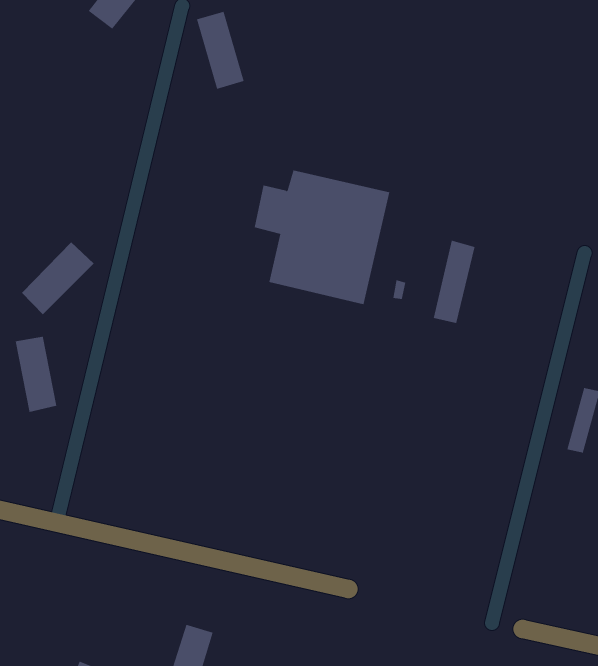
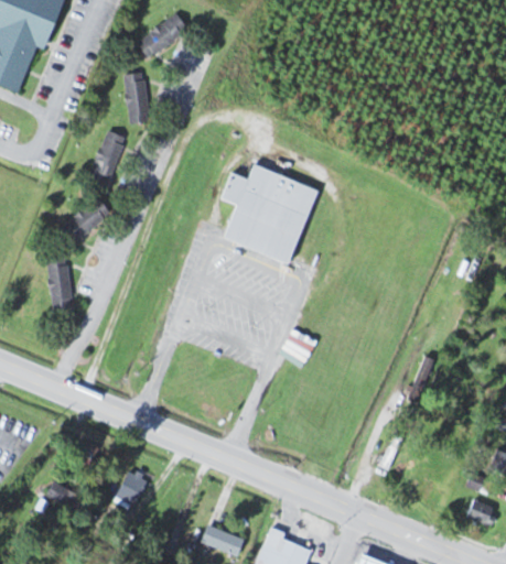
building: [196,11,245,89] -> [125,69,150,121]
building: none -> [88,128,128,182]
building: [433,240,475,324] -> none

